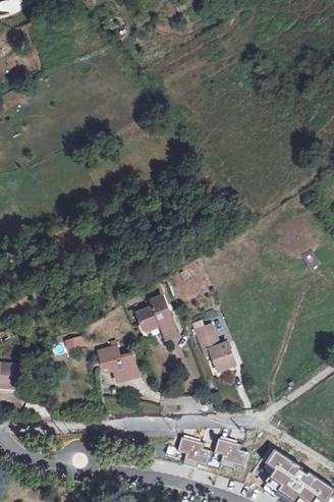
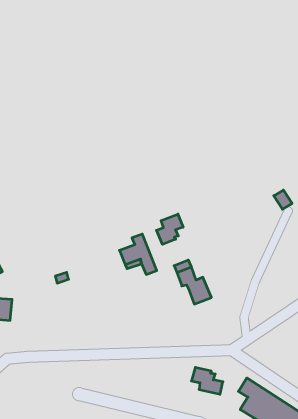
building: none -> [156,214,183,244]
building: [97,340,136,378] -> none
building: [176,437,209,463] -> none

